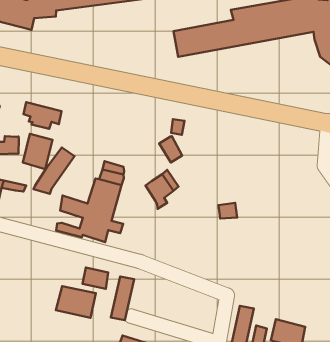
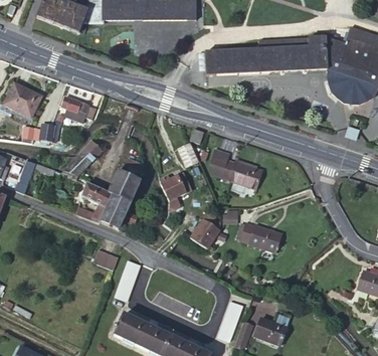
building: [23,134,53,169] -> none
building: none -> [211,149,261,192]
building: none -> [190,212,221,248]
building: none -> [240,222,281,252]
building: [56,286,96,318] -> none

